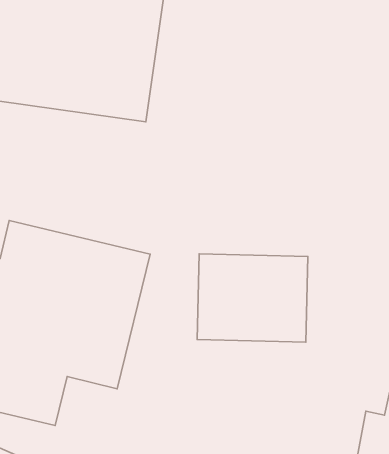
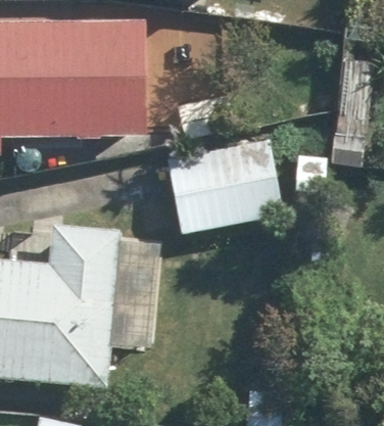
building: [197,254,308,342] -> [174,142,270,222]

